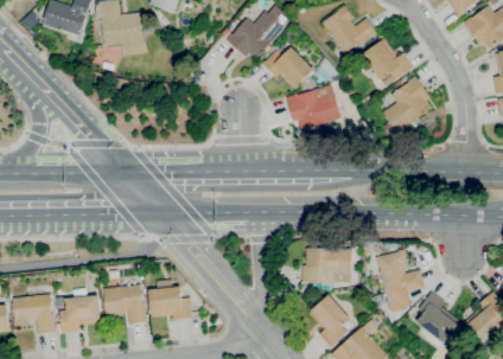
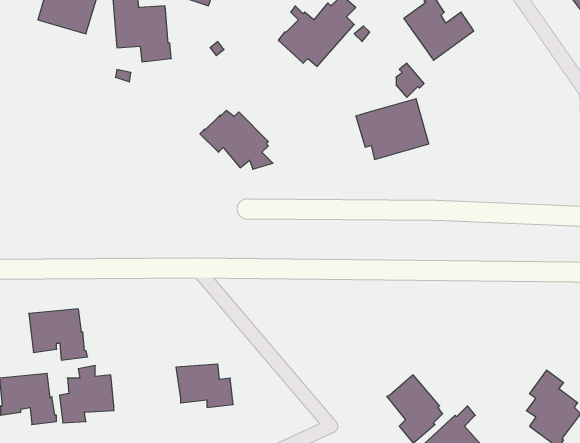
building: [362,40,413,81] -> none
building: [262,45,318,90] -> [200,110,273,169]
building: [383,76,432,134] -> none
building: [303,249,359,286] -> none
building: [376,250,424,312] -> none
building: [103,284,148,323] -> [29,309,88,360]

